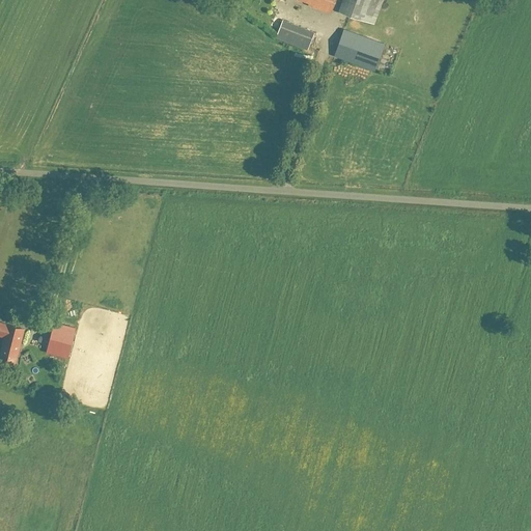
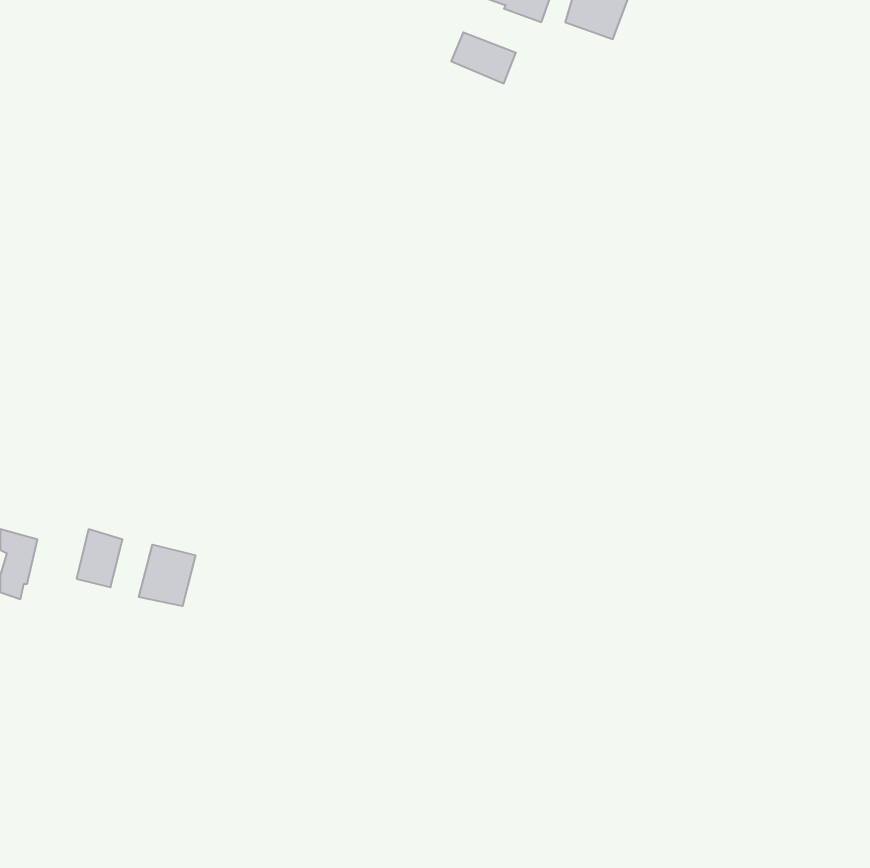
building: [334,30,383,71] -> none
building: none -> [139,545,195,606]

